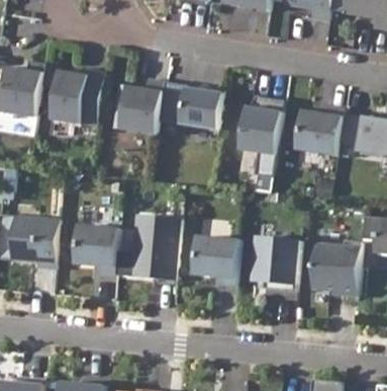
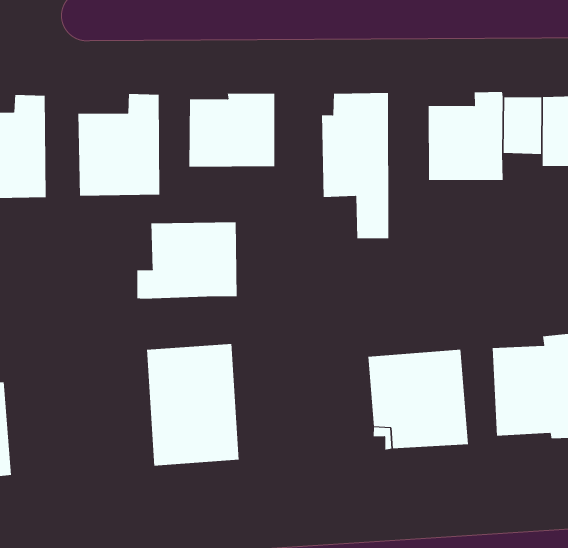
building: none -> [137,221,237,299]
building: [74,224,118,275] -> none
building: [192,235,238,285] -> none

